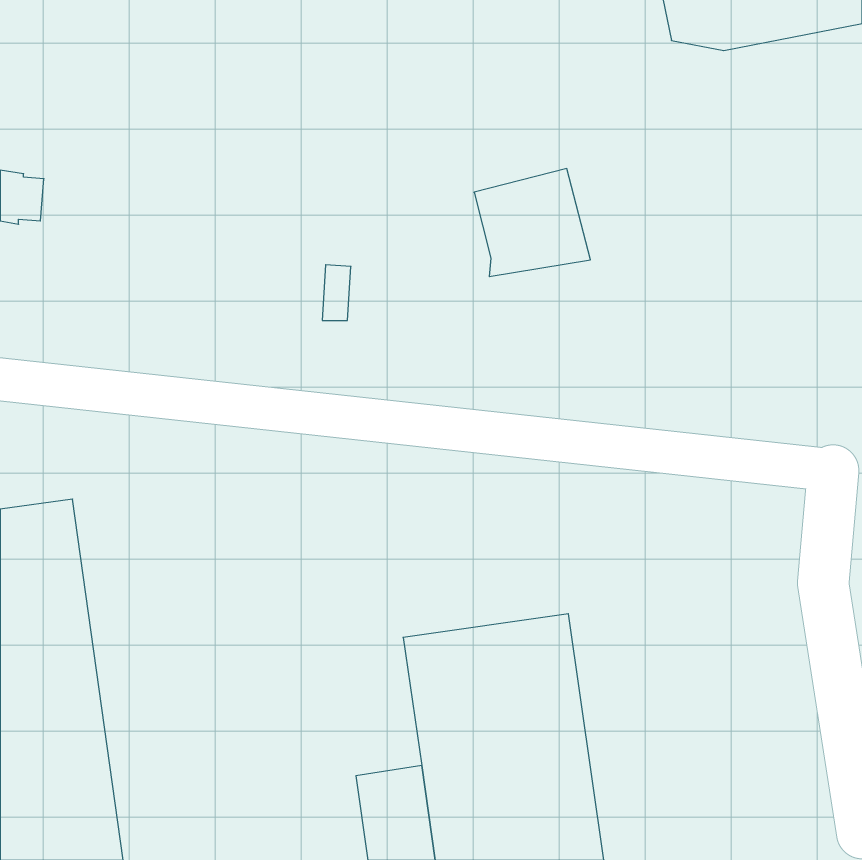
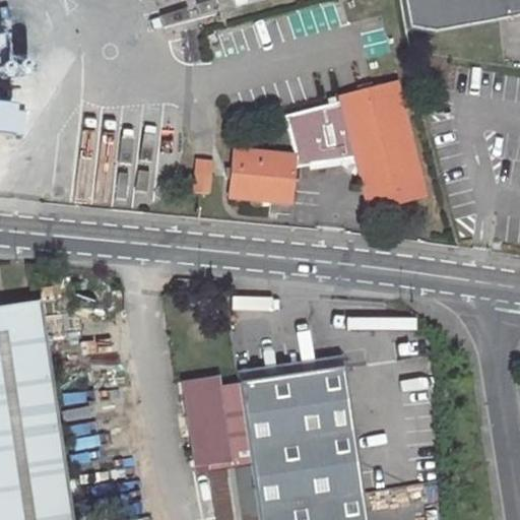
building: none -> [338,78,422,205]
building: none -> [230,149,296,201]
building: none -> [189,373,234,462]

